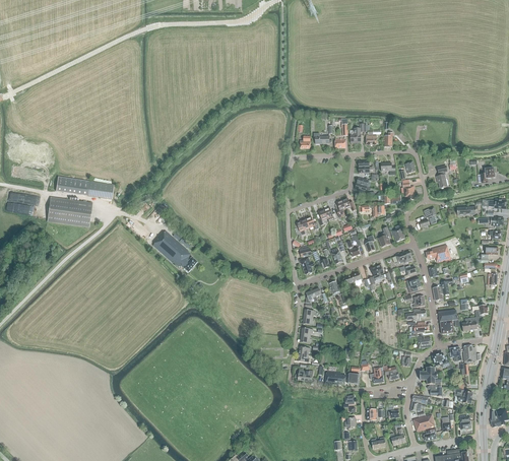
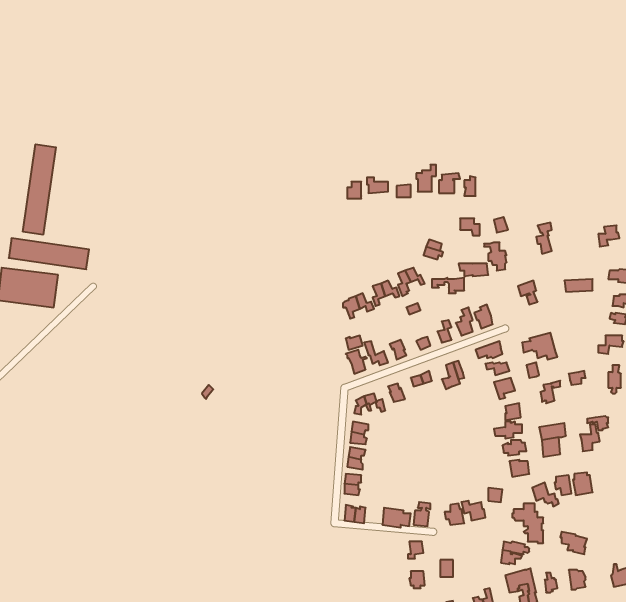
building: none -> [23,144,56,235]
building: [152,229,197,271] -> none

